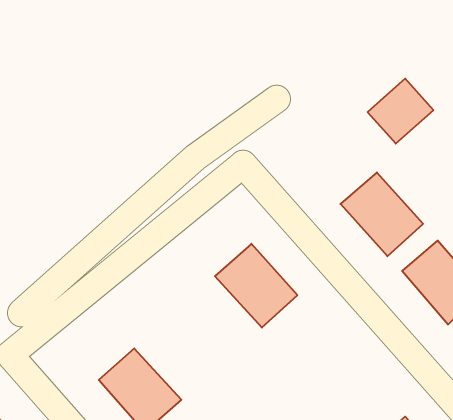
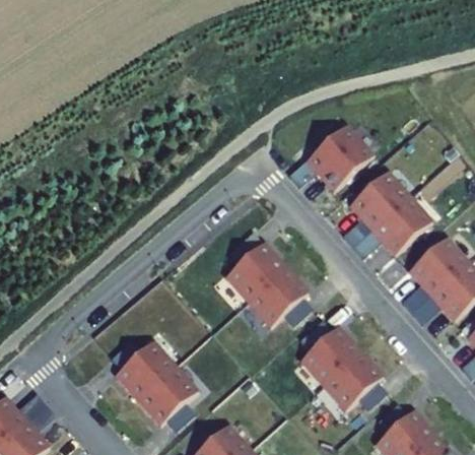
building: [368,79,433,144] -> [306,126,369,189]
building: none -> [301,325,382,406]

